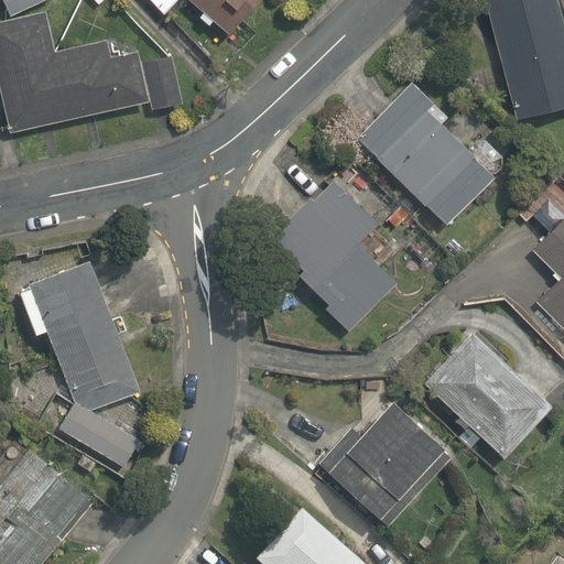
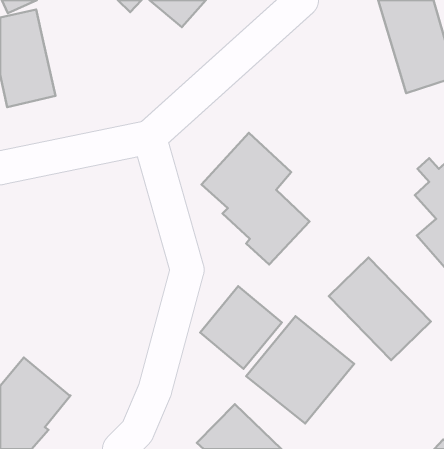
building: [61,40,187,120] -> none
building: [348,72,496,228] -> none
building: [26,261,145,467] -> none
building: none -> [200,286,282,369]

